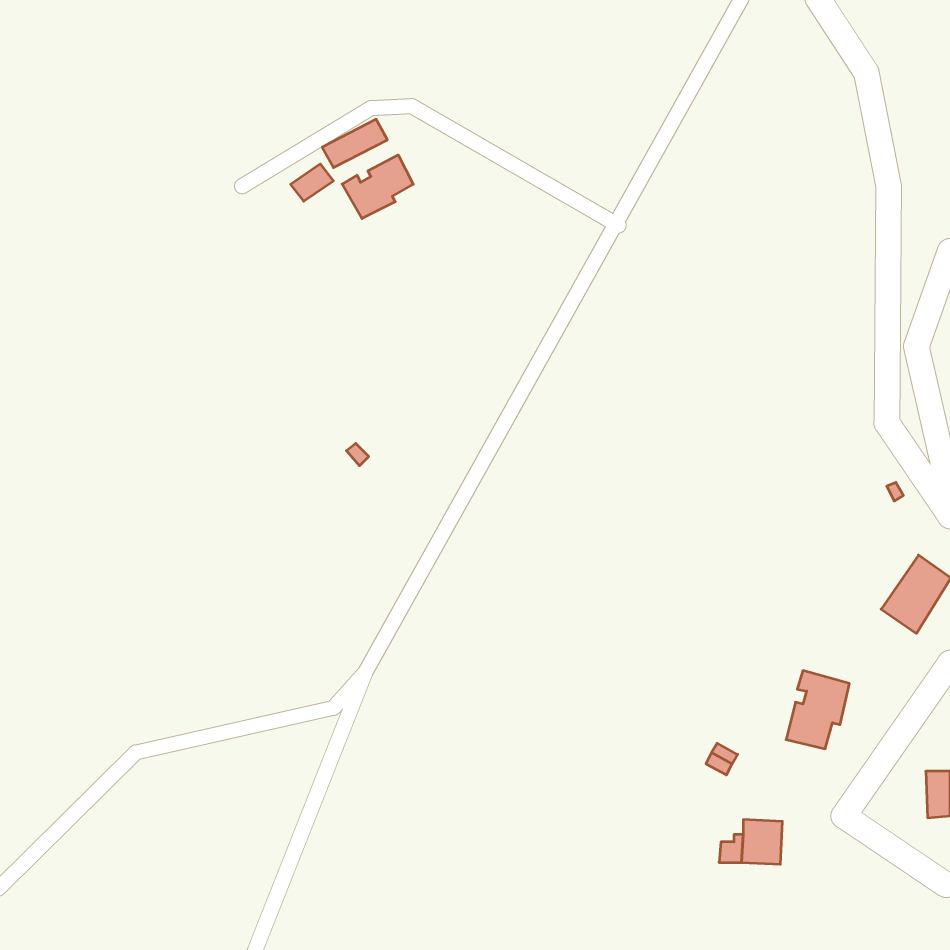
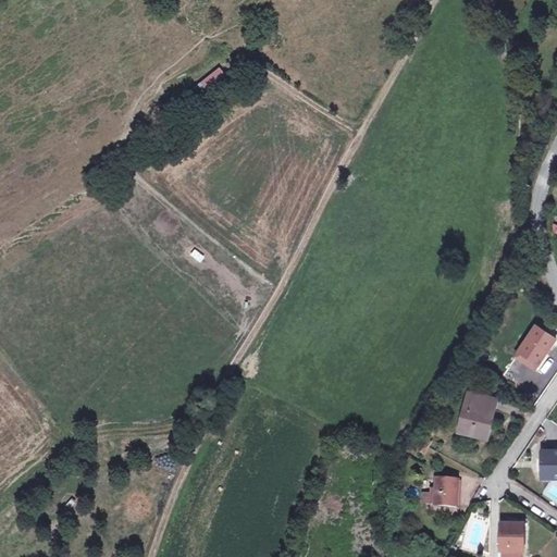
building: [342,155,413,219] -> none
building: none -> [499,522,524,550]

